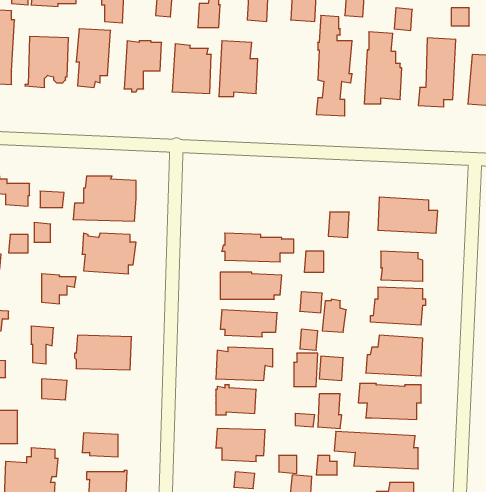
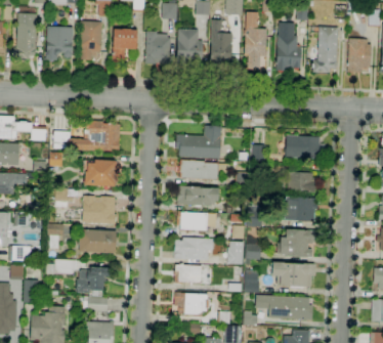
building: none -> [210,19,231,69]
building: none -> [175,126,221,159]
building: none -> [82,195,116,224]
building: none -> [76,267,111,293]

